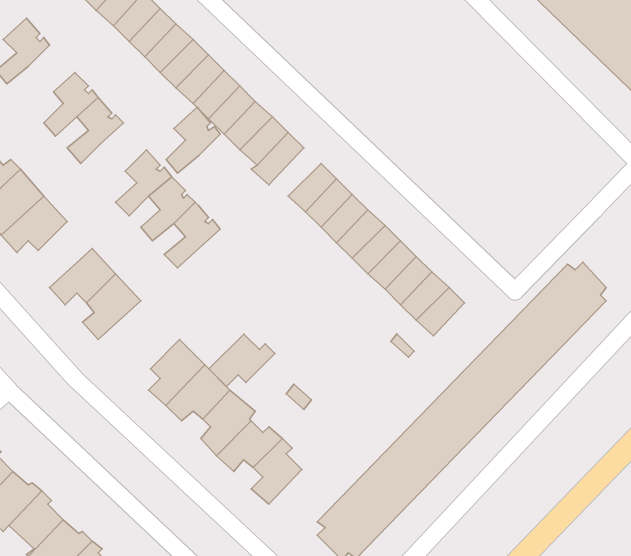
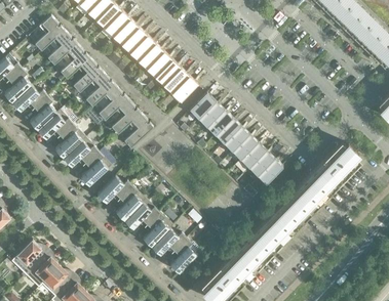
building: none -> [46,30,76,64]
building: [166,107,220,173] -> [85,71,114,105]
building: none -> [54,123,85,158]
building: [209,334,275,386] -> [96,175,131,203]

